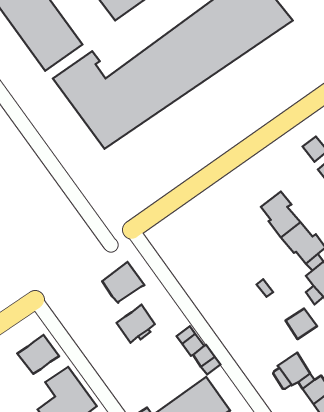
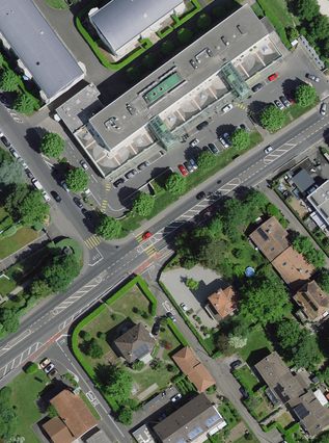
building: [102,262,144,303] -> none
building: none -> [205,288,240,317]
building: [285,309,317,339] -> [256,353,286,382]
building: [17,335,59,374] -> none

